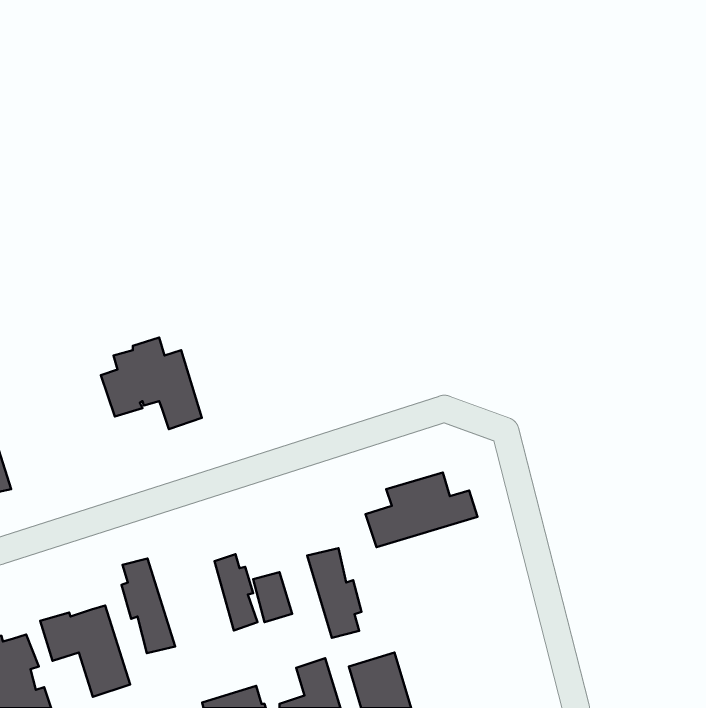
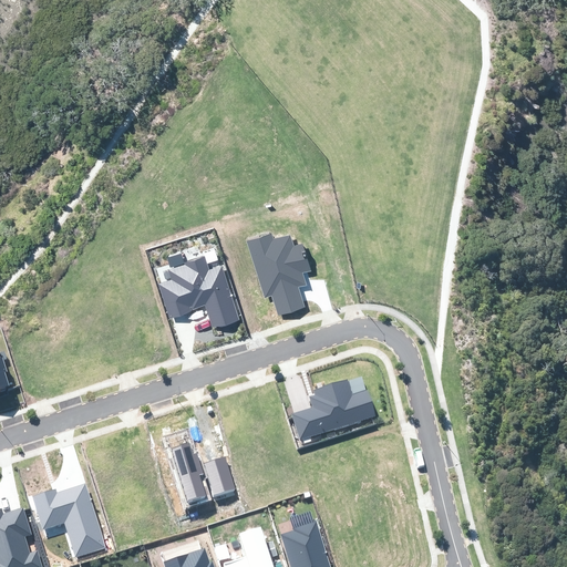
building: none -> [246,234,310,316]
building: [101,338,202,429] -> [157,255,238,328]
building: [307,548,362,638] -> none
building: [122,558,175,653] -> none

